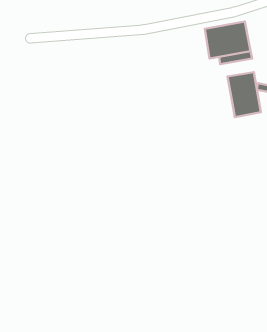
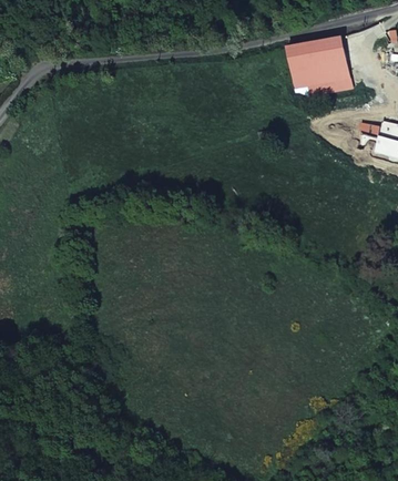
building: [228,72,261,117] -> none

